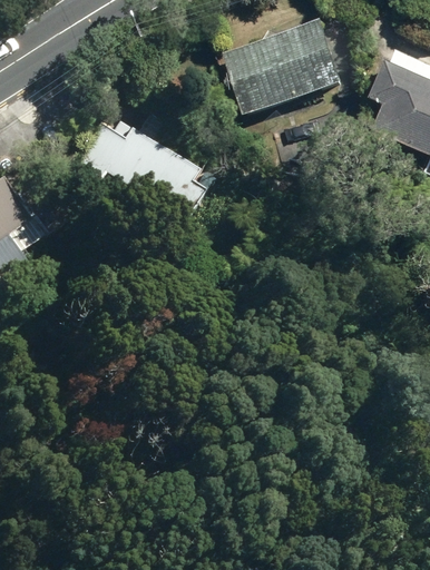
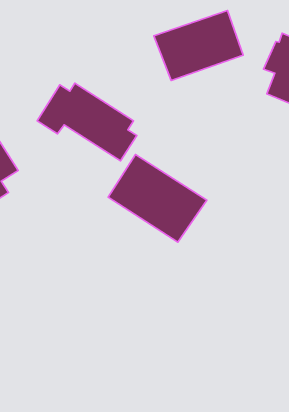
building: none -> [108,155,207,242]

